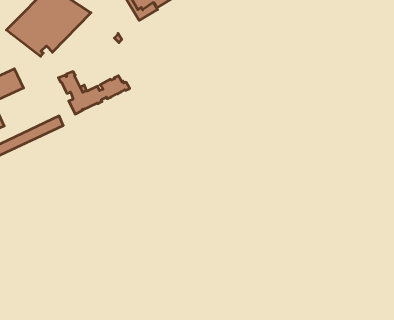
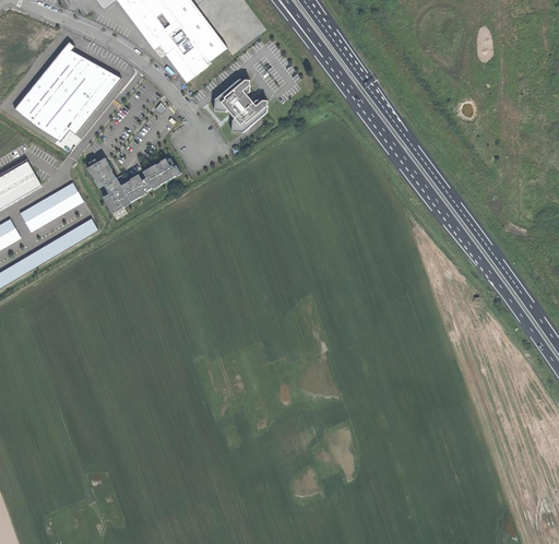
building: none -> [213,78,269,133]
building: none -> [20,182,83,232]

